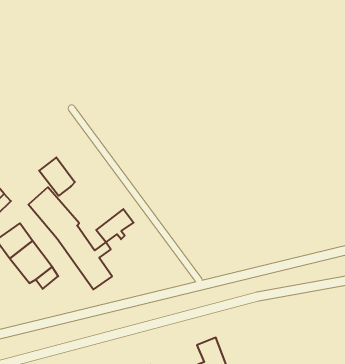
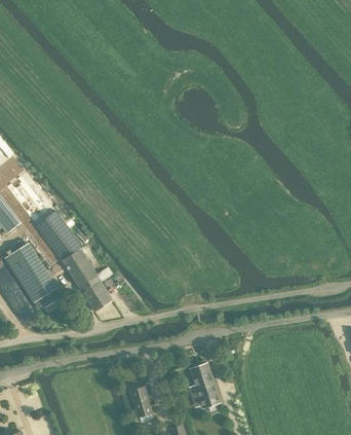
building: [39,157,75,196] -> none
building: [96,209,134,242] -> none

